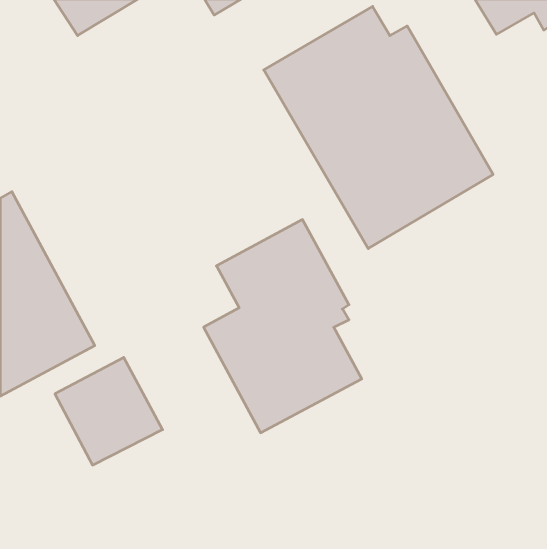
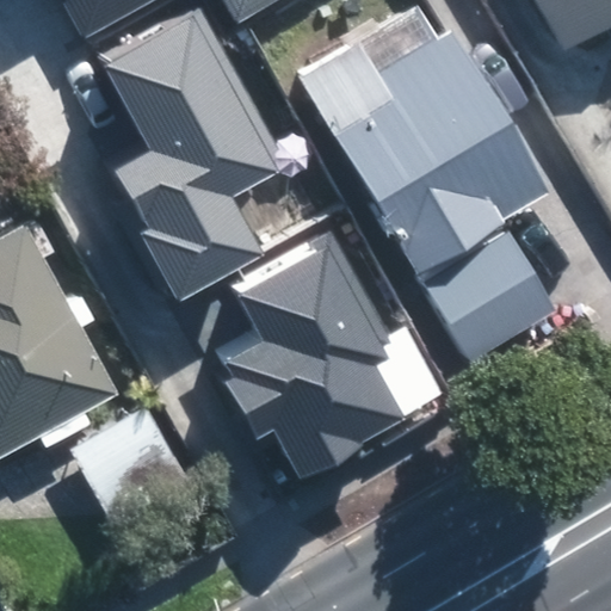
building: none -> [104,14,277,292]
building: none -> [425,229,556,357]

